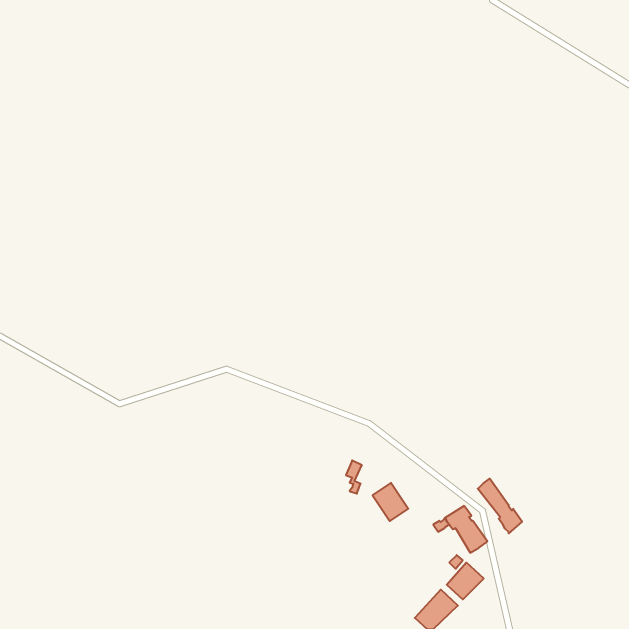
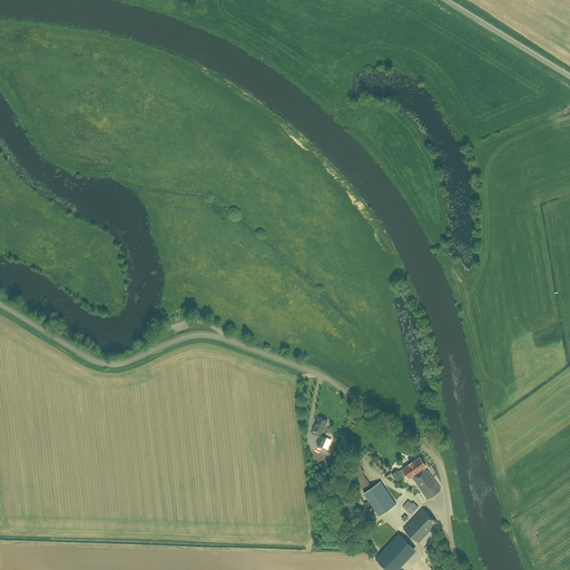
building: [478,479,522,533] -> none
building: [373,483,408,521] -> [364,481,396,515]

